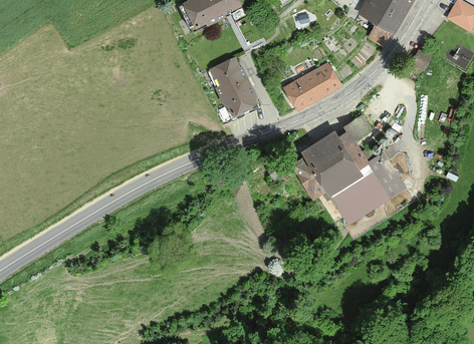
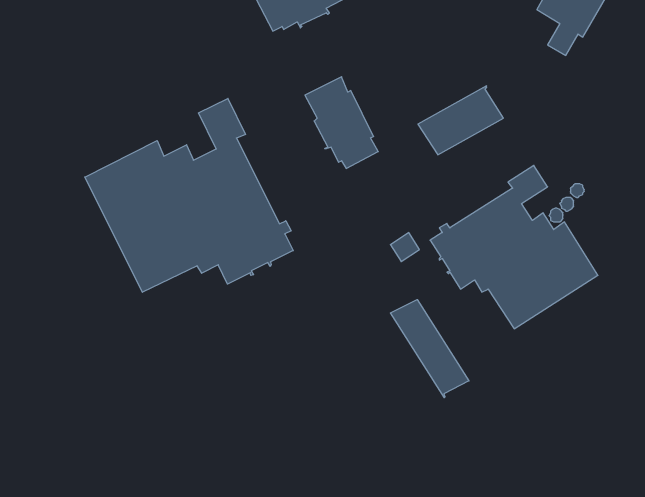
building: none -> [85,98,293,292]
building: none -> [390,300,469,398]

